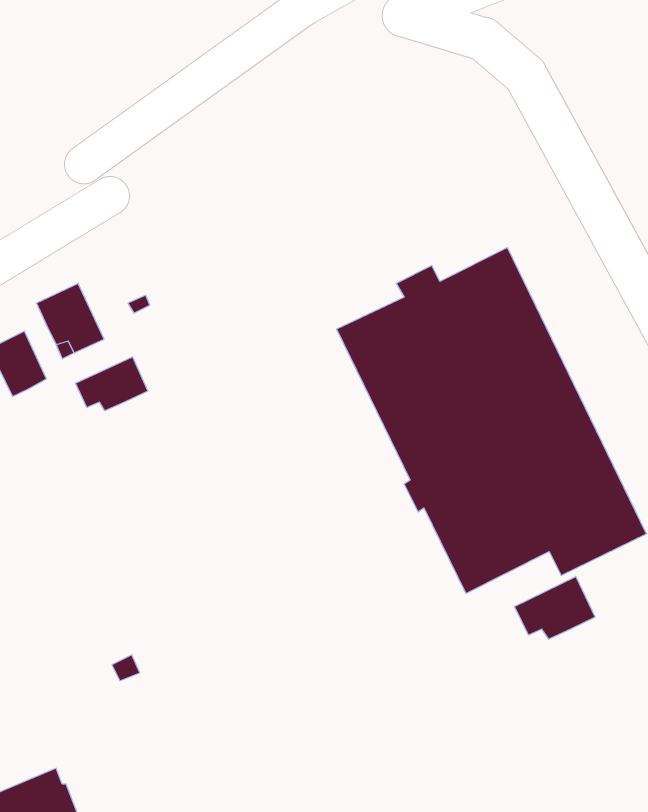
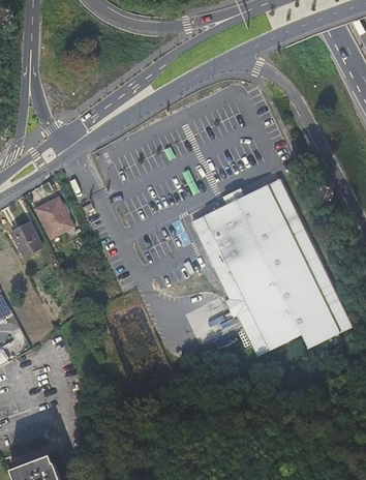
building: [76,357,148,411] -> none
building: [515,576,595,639] -> none

